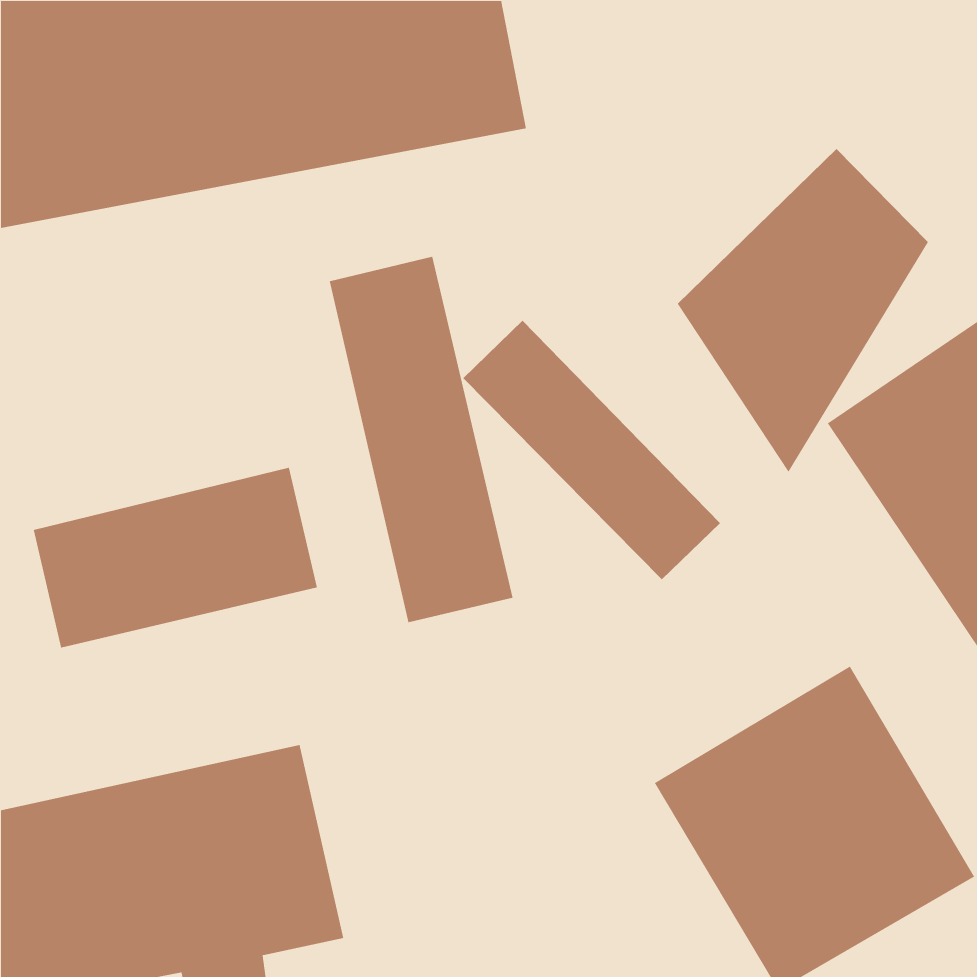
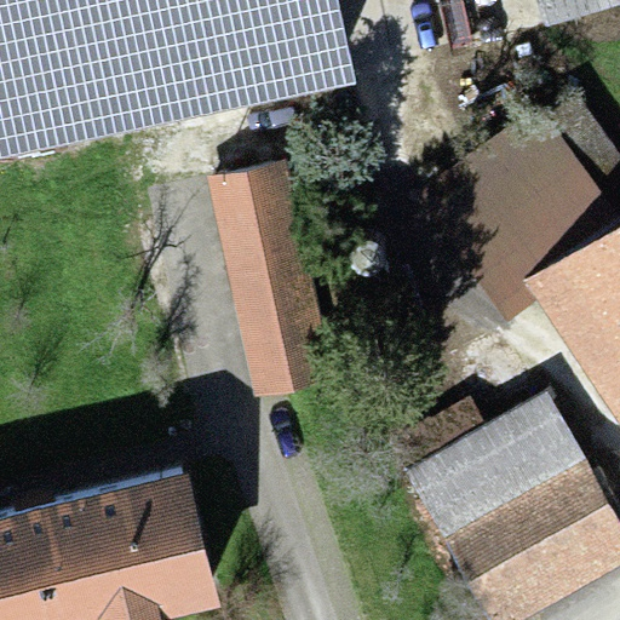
building: [463,320,721,580] -> none
building: [33,467,318,648] -> none

